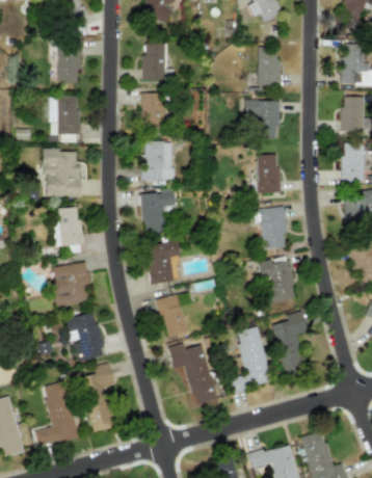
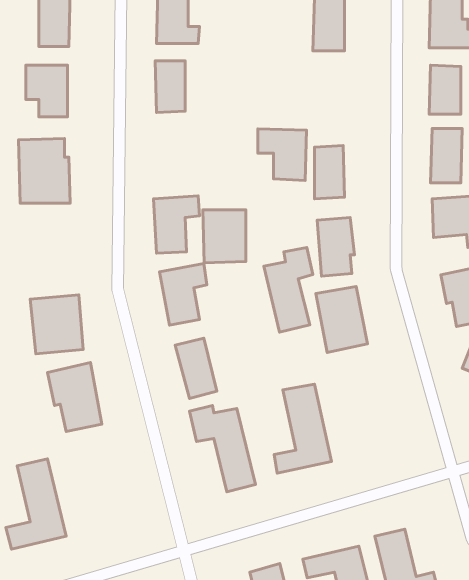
building: [244,100,280,137] -> [258,129,307,180]
building: [141,141,172,180] -> [203,210,246,263]
building: [56,207,83,245] -> none
building: [271,311,307,372] -> [264,247,313,332]
building: [80,362,114,431] -> none

